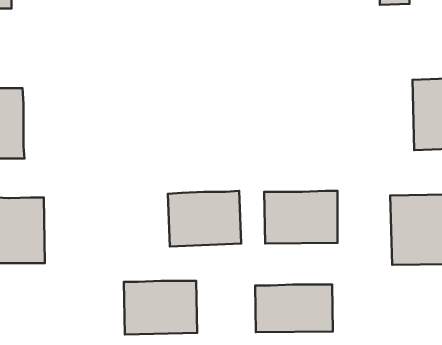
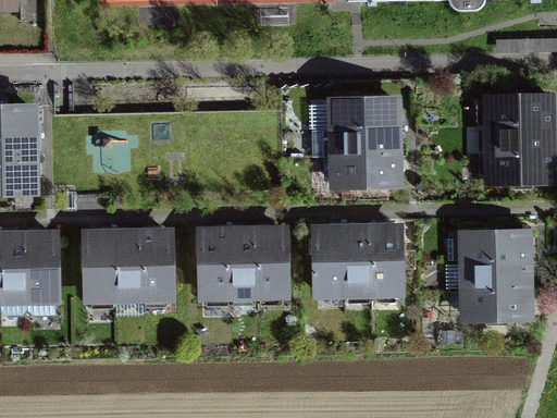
building: none -> [310,98,398,185]
building: [124,281,197,335] -> [85,232,171,295]
building: [255,284,333,332] -> none

